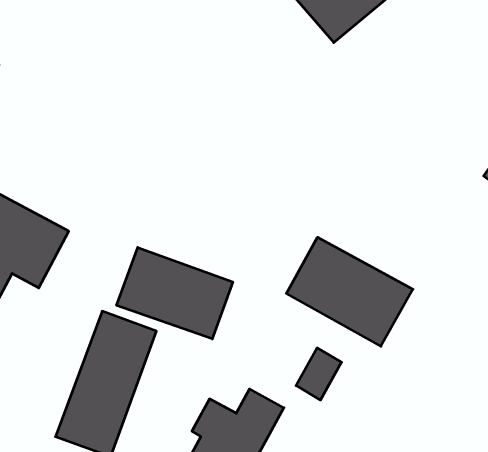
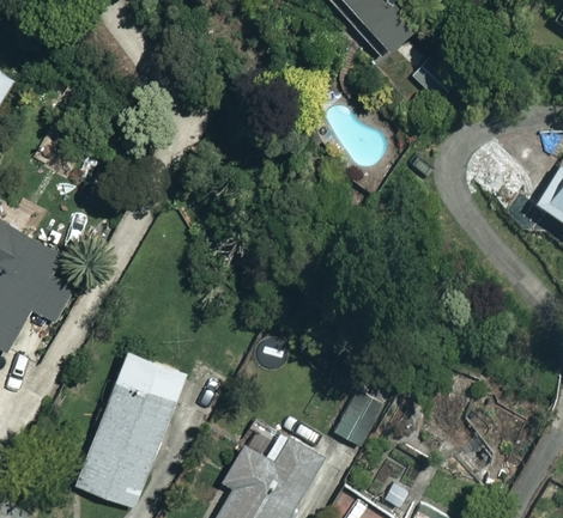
building: [286,237,413,346] -> none
building: [117,247,233,339] -> none

